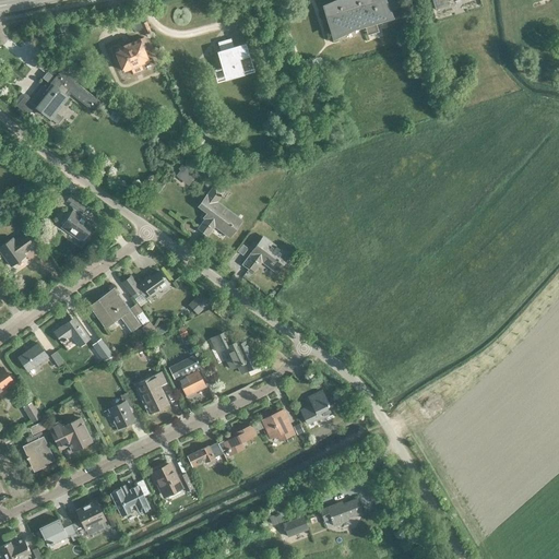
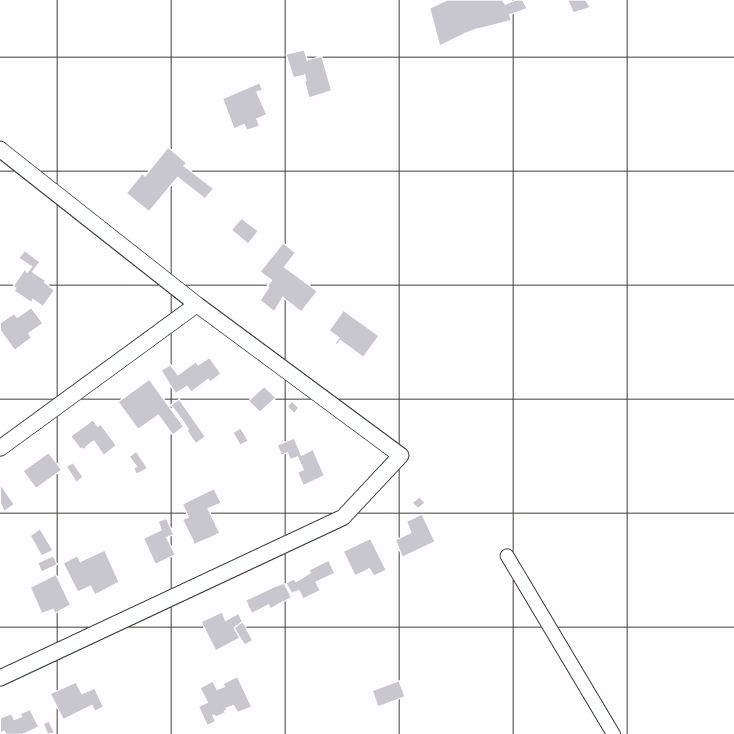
building: [115,36,148,72] -> [222,83,267,130]
building: [31,68,97,117] -> [126,147,214,212]
building: [60,197,92,239] -> [13,251,55,307]
building: [168,355,205,396] -> none
building: [109,485,150,522] -> [199,677,252,726]
building: [320,499,362,526] -> none
building: [72,500,105,537] -> none

